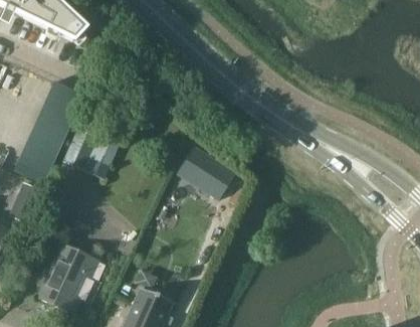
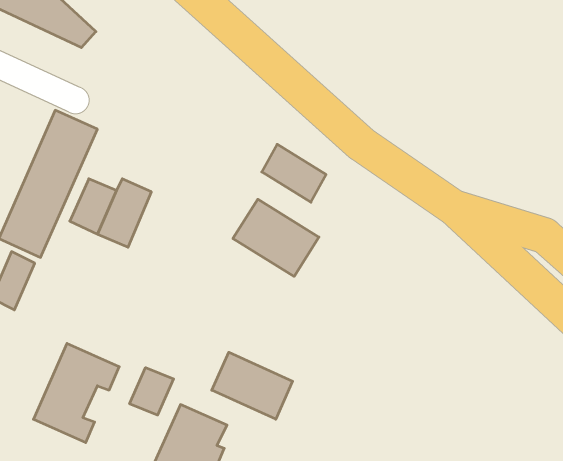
building: none -> [262,144,326,202]
building: none -> [212,352,293,419]
building: none -> [130,368,174,415]

